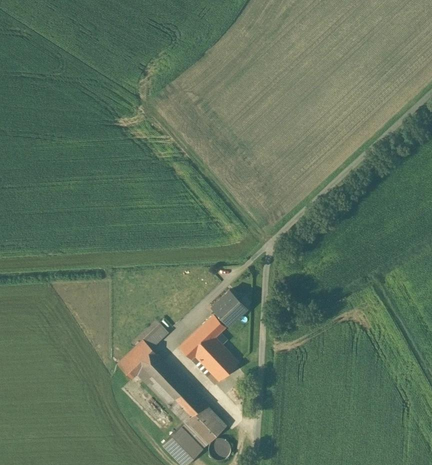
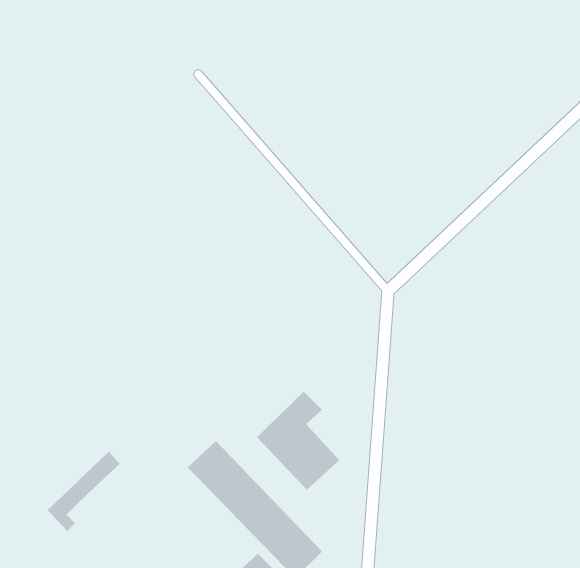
building: [211,291,246,328] -> none
building: [117,324,168,380] -> [47,451,120,532]

